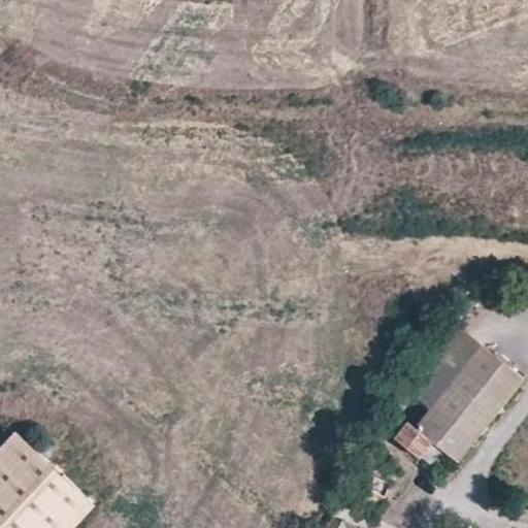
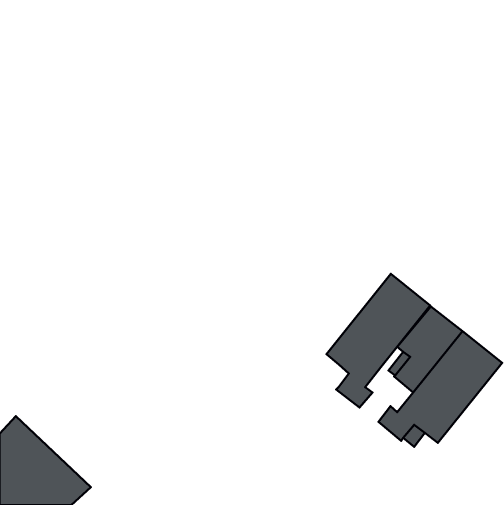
building: none -> [326,274,430,408]

